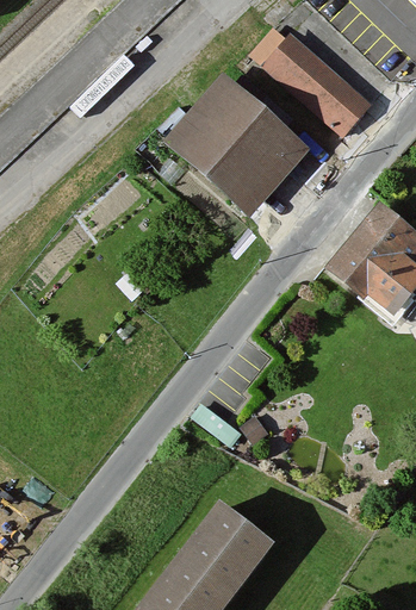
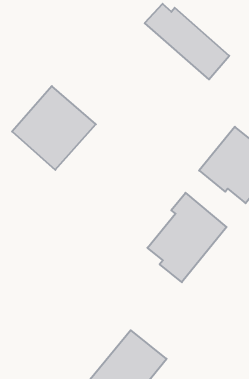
building: [172,82,294,205] -> [12,86,96,170]
building: none -> [147,193,227,282]

